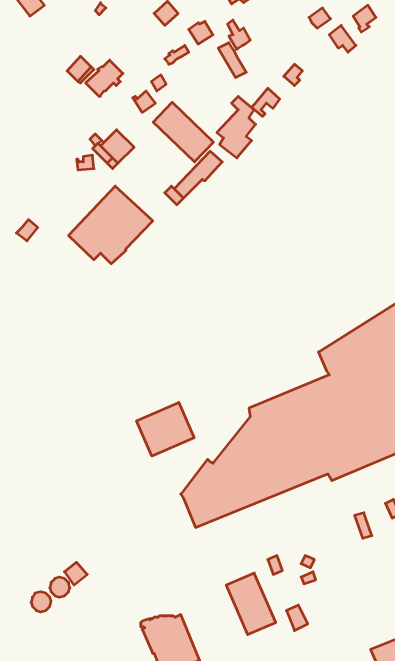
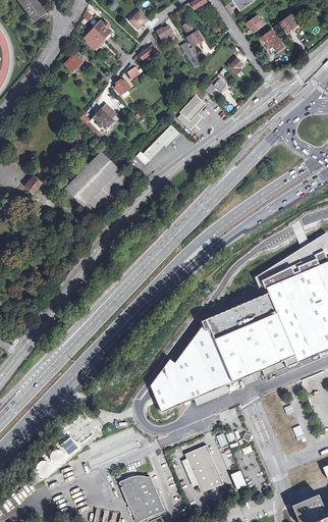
building: [86,60,123,96] -> [83,20,111,48]
building: [153,102,213,162] -> none
building: [137,402,194,456] -> none

